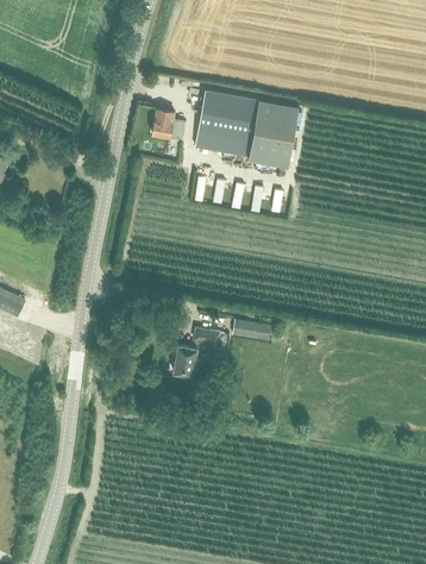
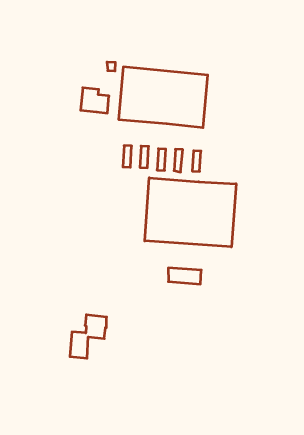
building: none -> [145,178,236,247]
building: [174,327,219,376] -> [70,315,107,358]

